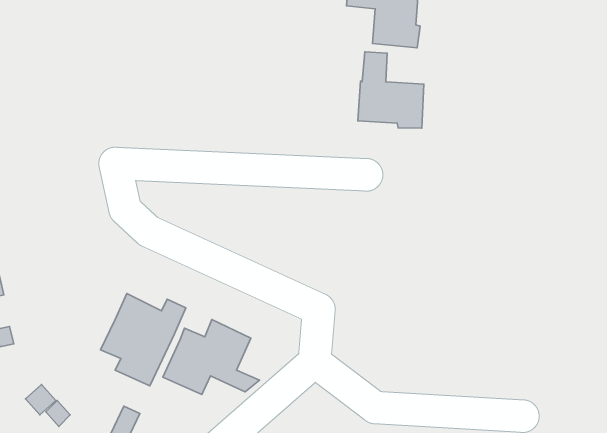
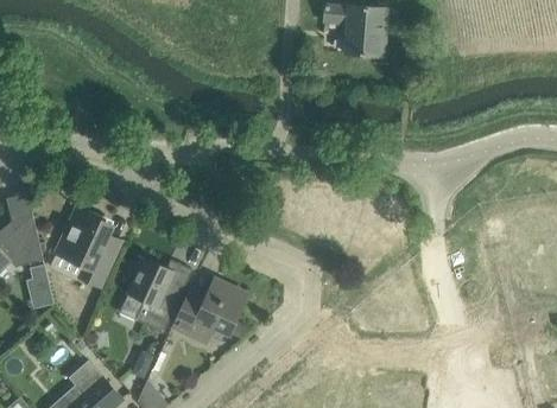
building: [358,52,424,128] -> none
building: none -> [57,211,114,286]

